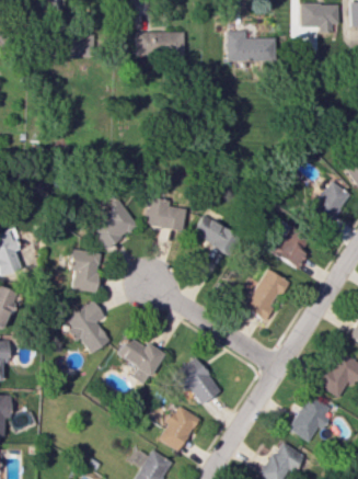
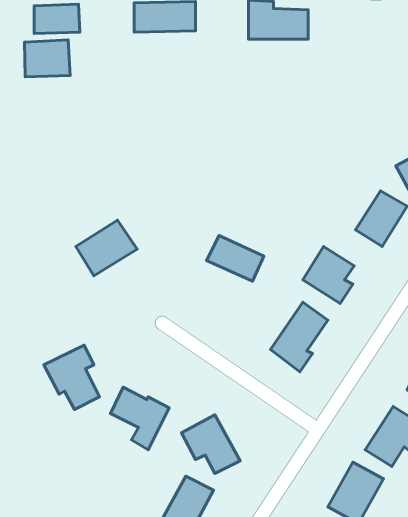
building: none -> [24,40,70,77]
building: [146,197,187,230] -> none
building: [71,249,102,293] -> none

